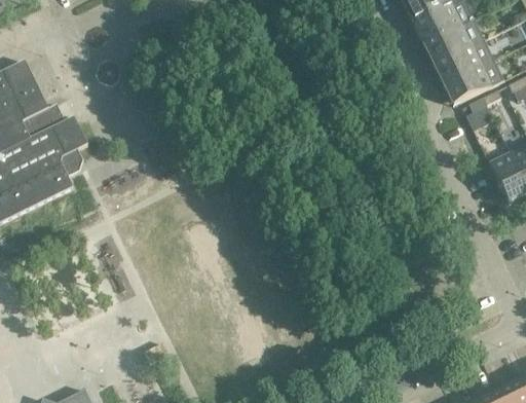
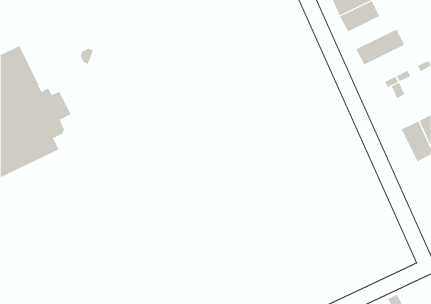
building: [423,20,483,65] -> none
building: [443,60,503,106] -> none

